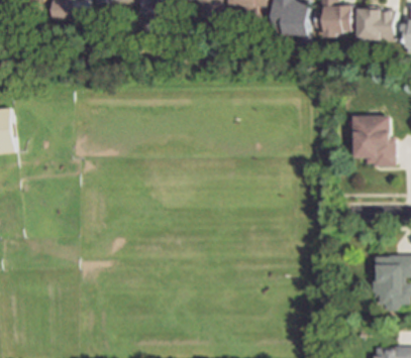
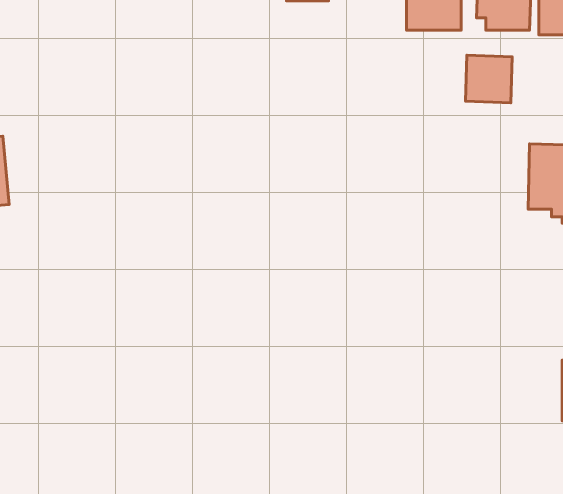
building: none -> [465,55,512,103]

